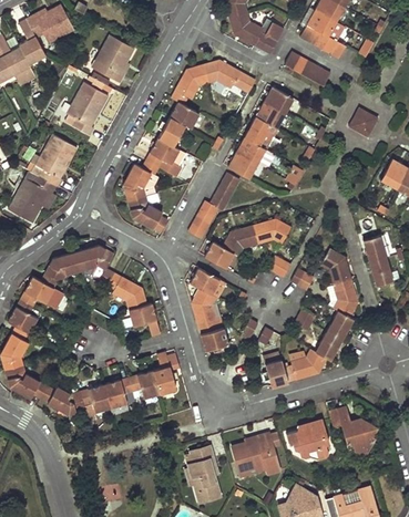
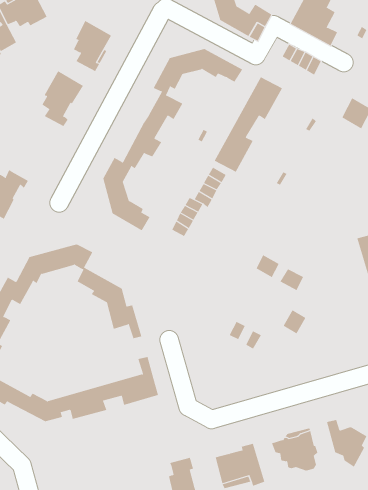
building: [37,134,75,187] -> none
building: [206,219,293,269] -> none
building: [266,248,359,387] -> none
building: [192,268,229,350] -> none

